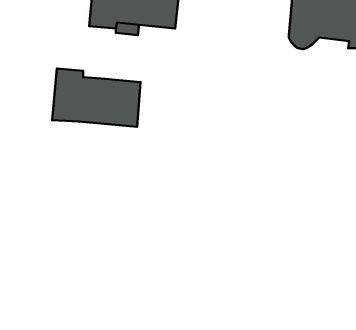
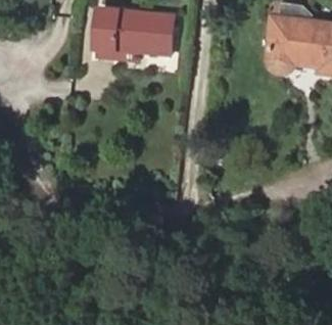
building: [52,68,141,127] -> none

